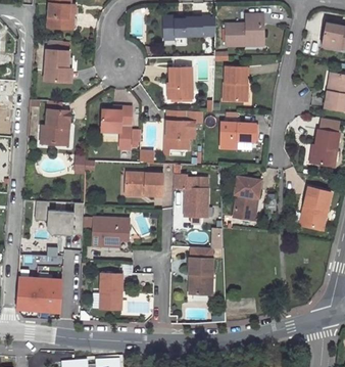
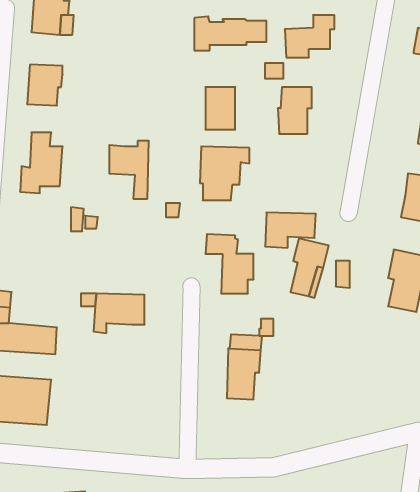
building: [218,123,255,148] -> [265,212,316,248]
building: [125,172,162,195] -> none
building: [36,200,77,233] -> none
building: [101,274,121,309] -> none

